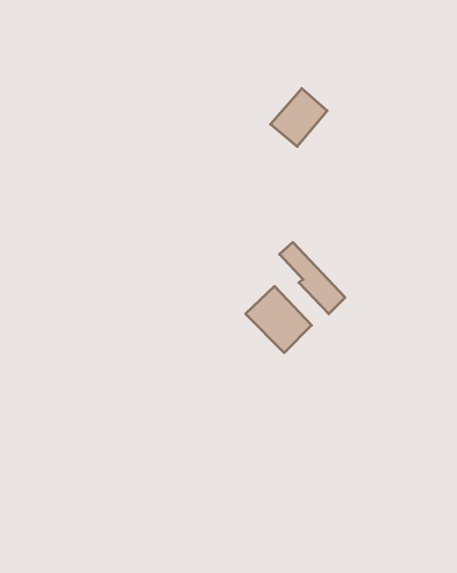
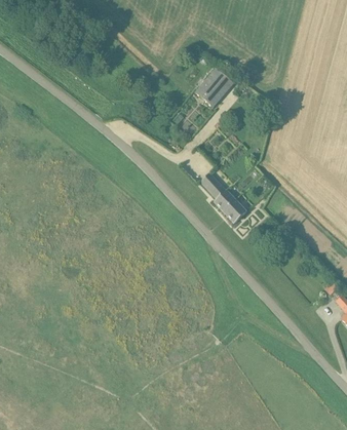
building: [246,286,312,353] -> none

